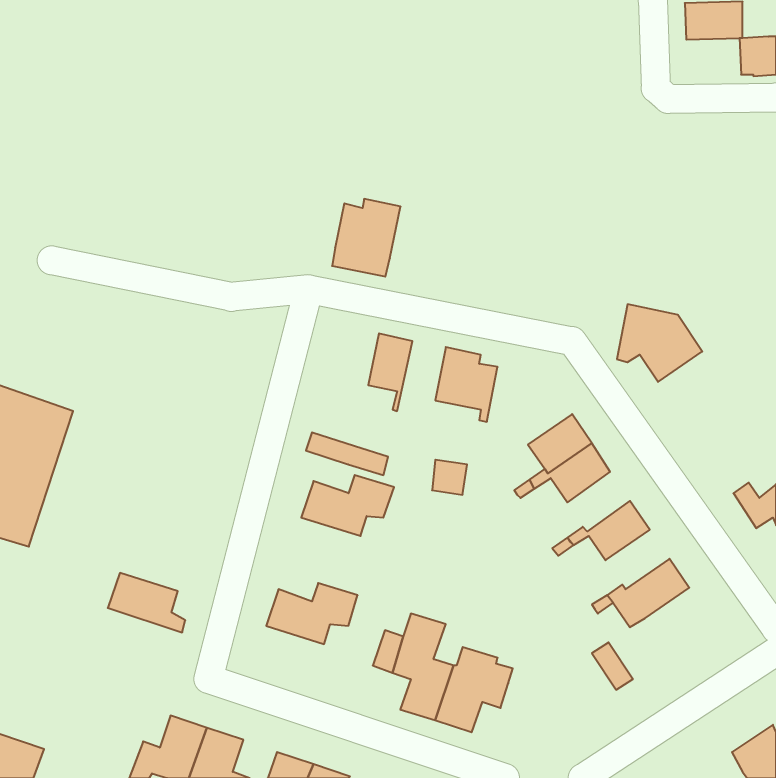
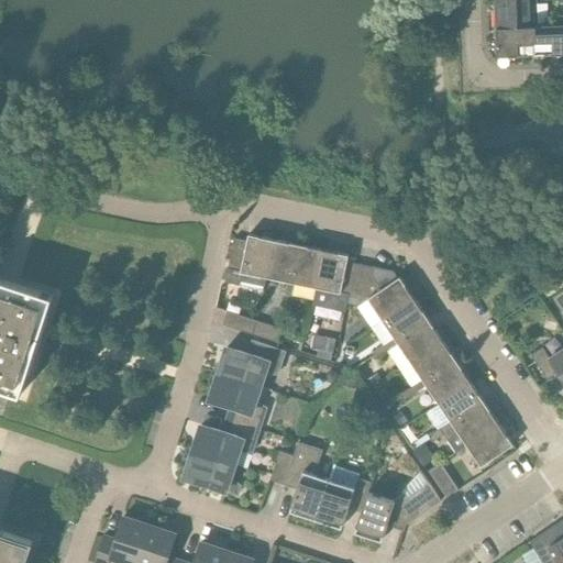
building: none -> [496,27,536,56]
building: [332,199,401,277] -> [224,235,274,291]
building: [617,304,702,382] -> [352,265,413,321]
building: none -> [287,246,322,298]
building: none -> [410,341,455,384]
building: none -> [209,374,266,430]
building: none -> [438,383,484,426]
building: [108,573,185,632] -> [184,452,240,495]
building: none -> [466,424,512,467]
building: none -> [354,484,441,542]

